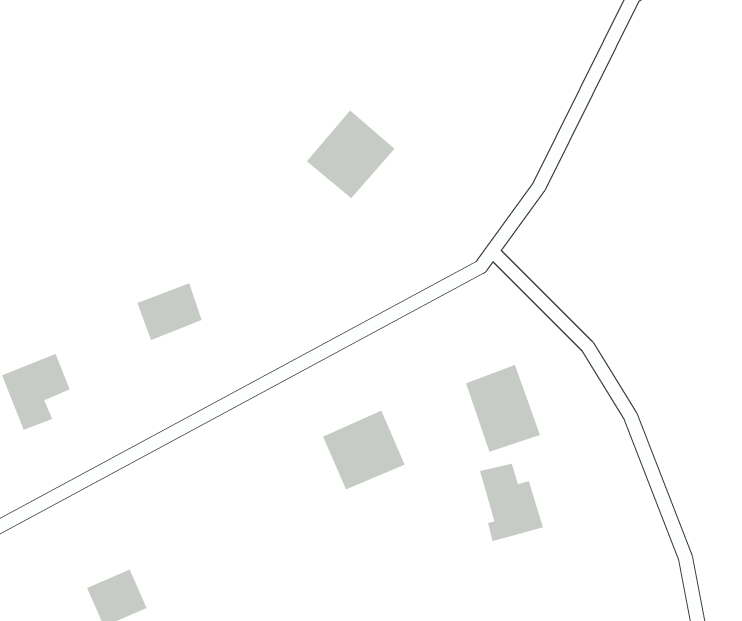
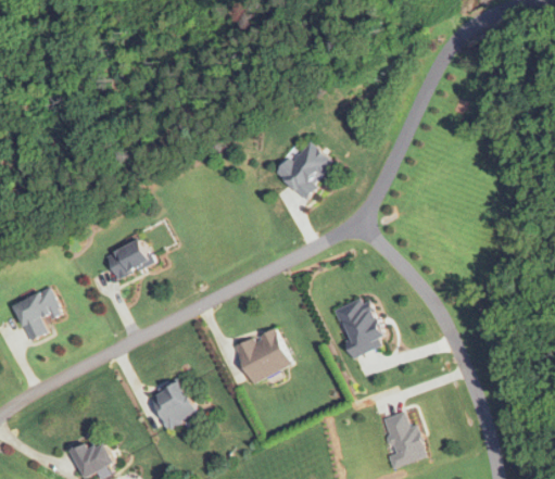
building: [306,109,396,199] -> [274,138,336,200]
building: [479,463,544,542] -> [380,413,425,467]
building: none -> [151,382,195,428]

